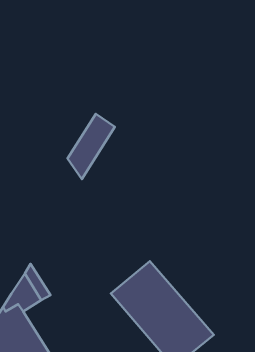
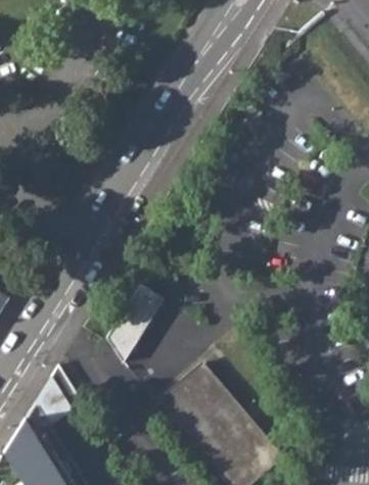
building: [68,114,115,179] -> [104,284,163,365]

